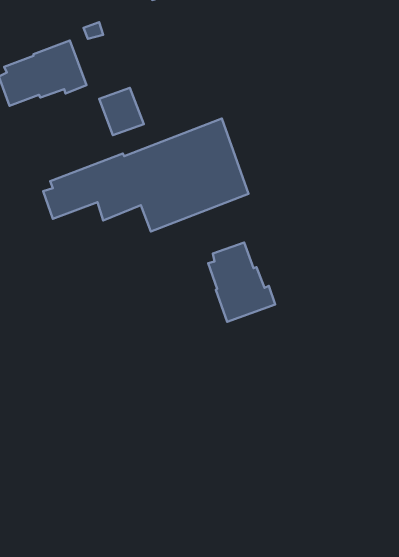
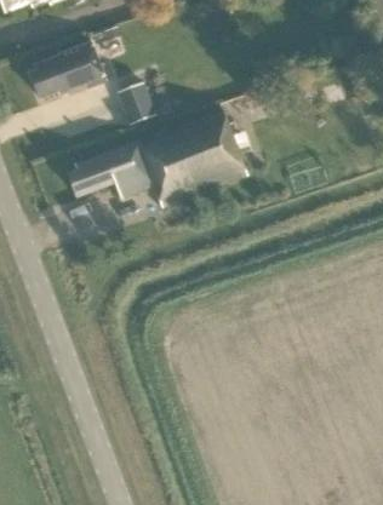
building: [208,242,275,322] -> none

